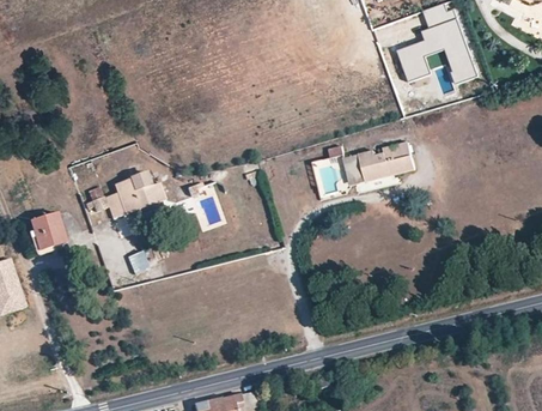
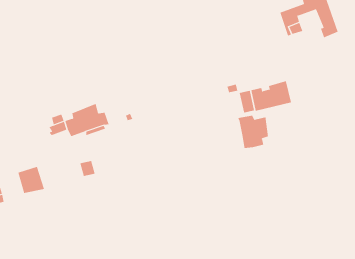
building: none -> [237,115,268,149]
building: [30,214,67,252] -> [17,166,45,194]

